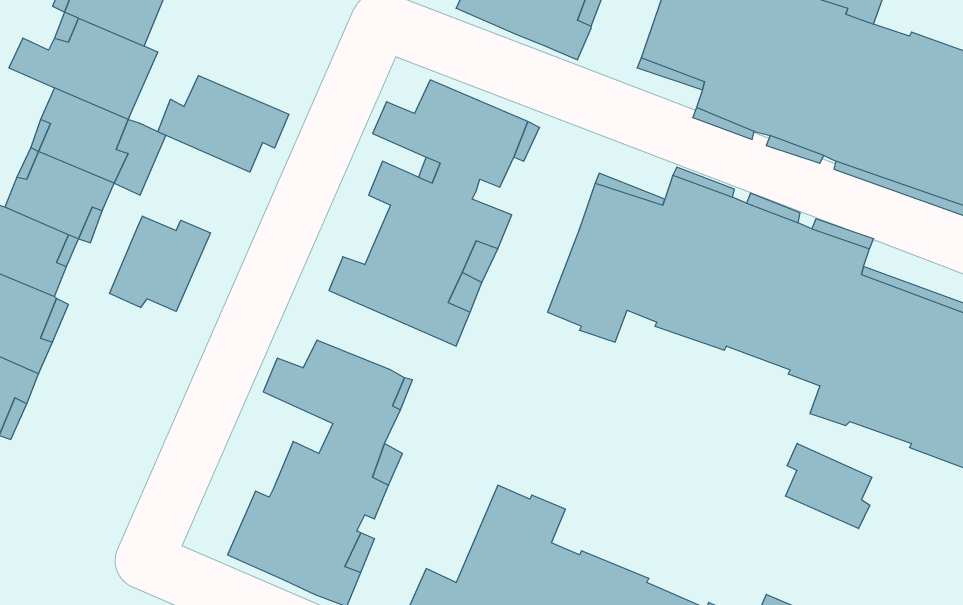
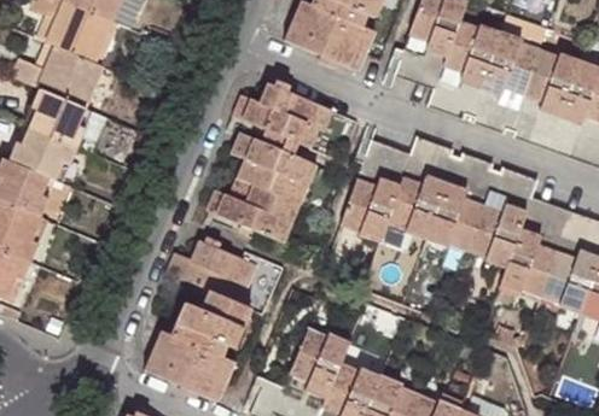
building: [158,76,289,172] -> none
building: [110,216,210,311] -> none
building: [786,443,872,529] -> none

